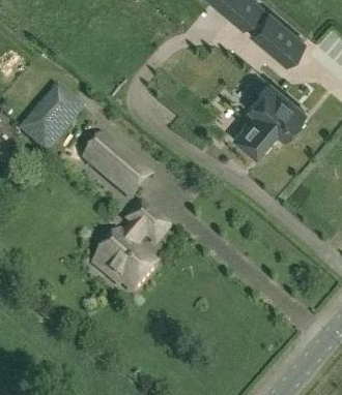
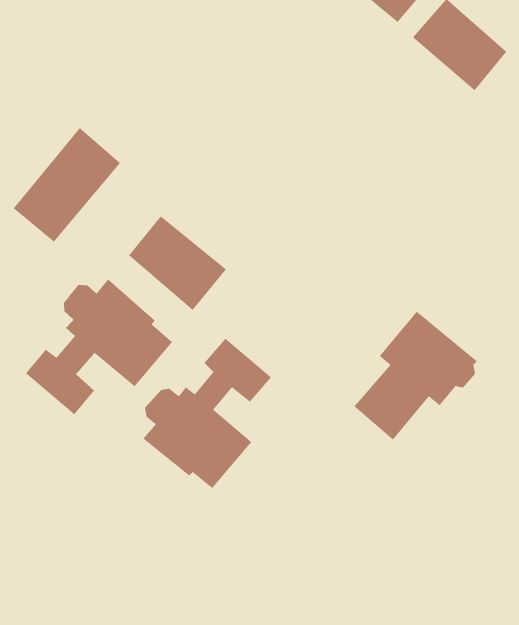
building: [233,86,305,160] -> [354,311,478,440]
building: none -> [25,278,173,415]

